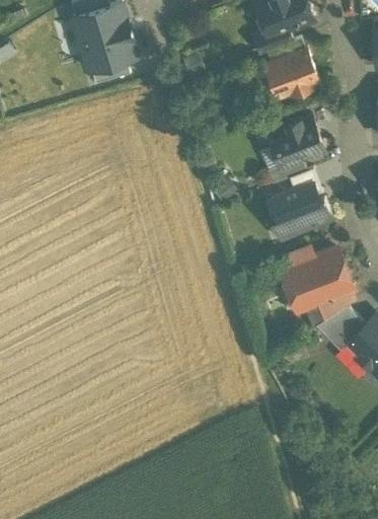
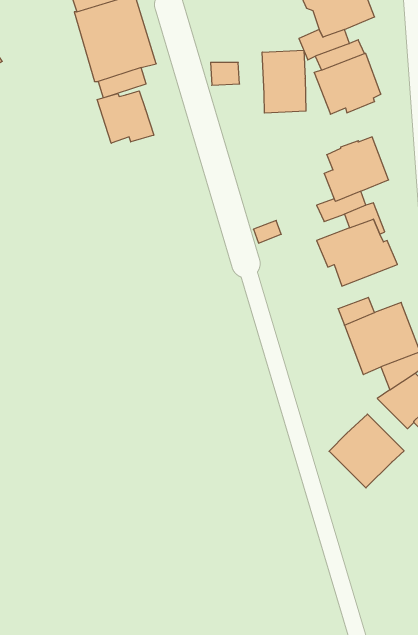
building: none -> [262,50,306,113]
building: none -> [97,91,154,143]
building: none -> [329,414,404,488]

